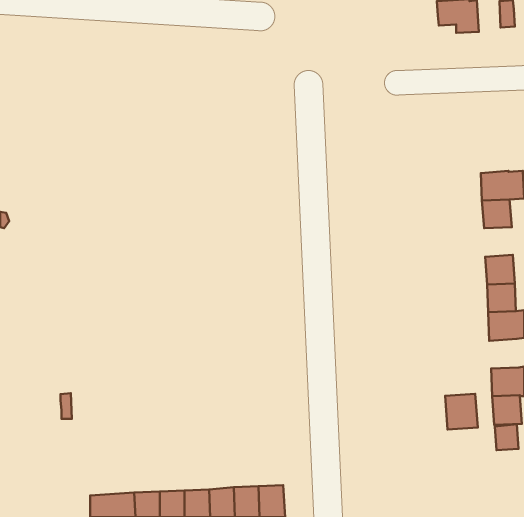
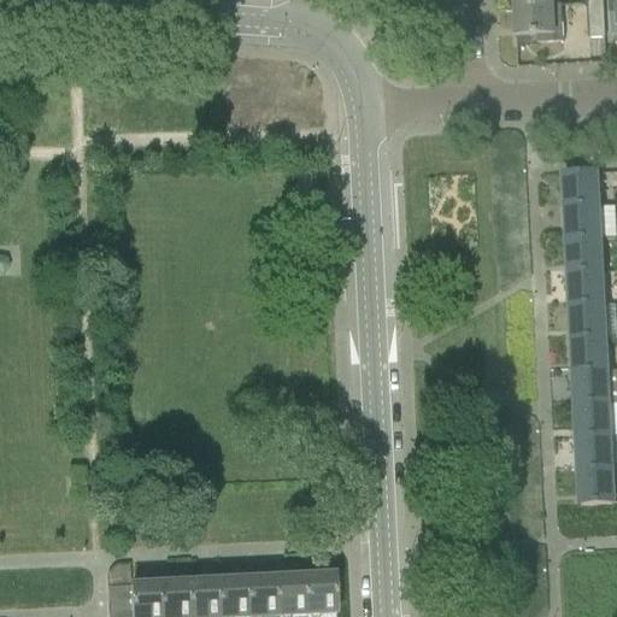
building: none -> [563,168,598,204]
building: none -> [569,268,603,302]
building: none -> [575,399,610,434]
building: [445,394,478,430] -> none
building: [495,424,519,450] -> none

